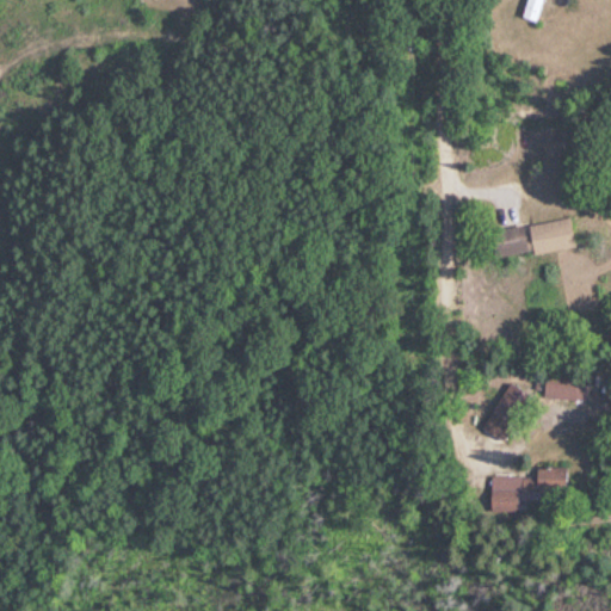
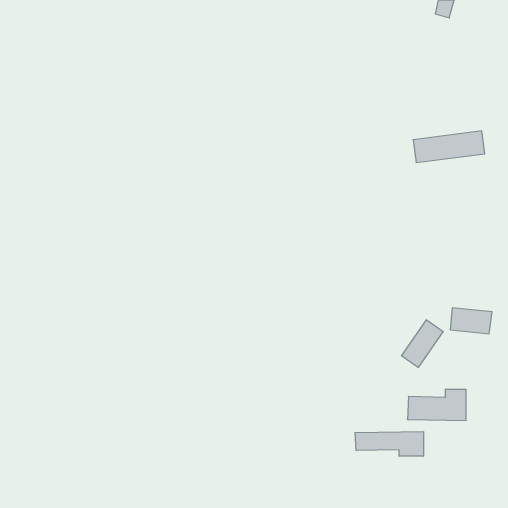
building: [487,220,573,258] -> [413,131,485,163]
building: none -> [355,432,423,456]

